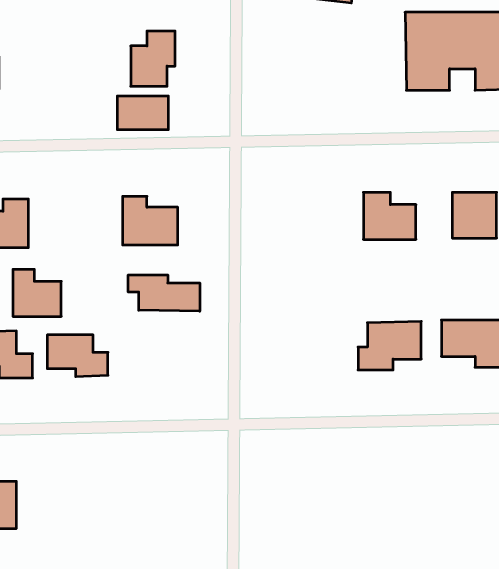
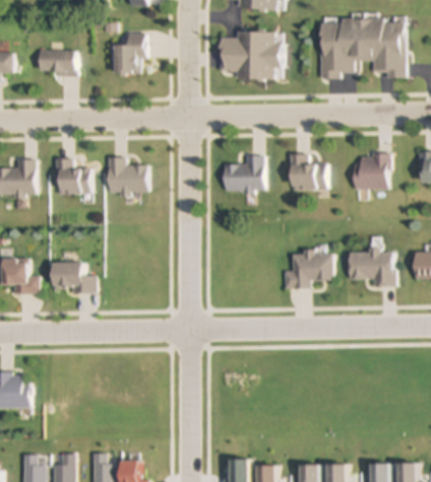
building: none -> [220,31,280,78]
building: [117,96,168,130] -> [38,50,76,75]
building: none -> [224,154,264,192]
building: [13,269,61,316] -> [56,158,93,194]
building: [128,275,200,311] -> none

